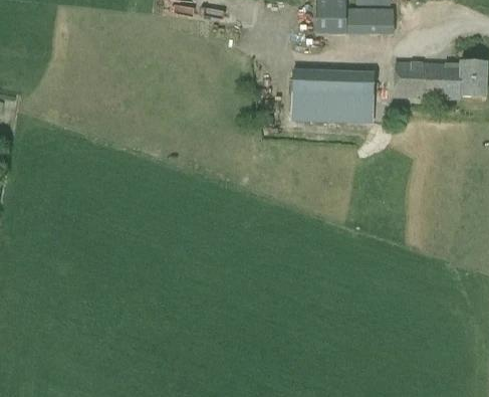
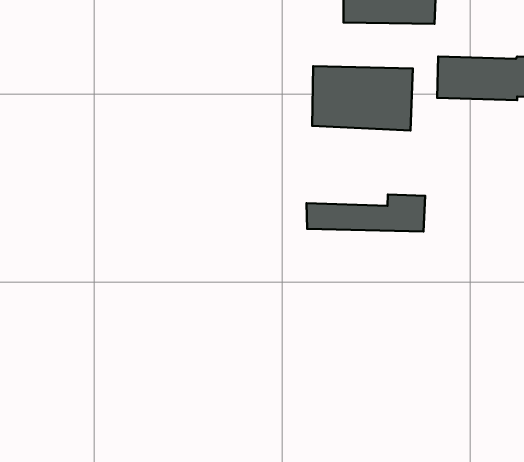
building: none -> [307,195,425,232]

